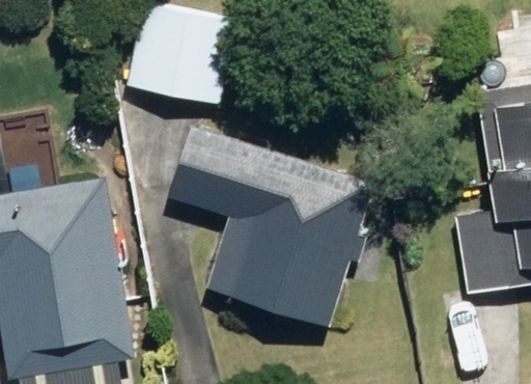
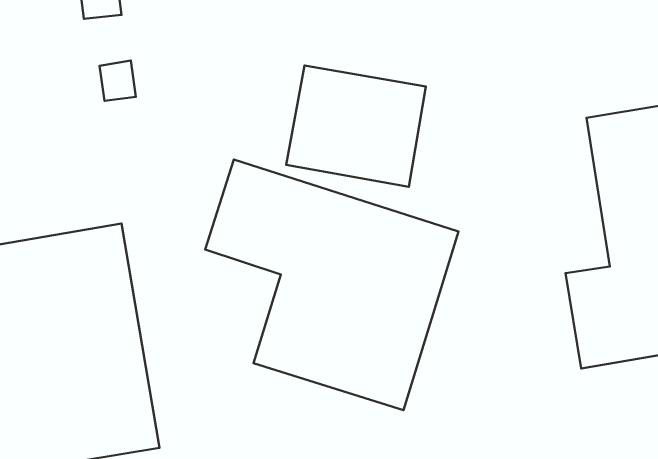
building: [127,6,237,103] -> [286,66,426,187]

